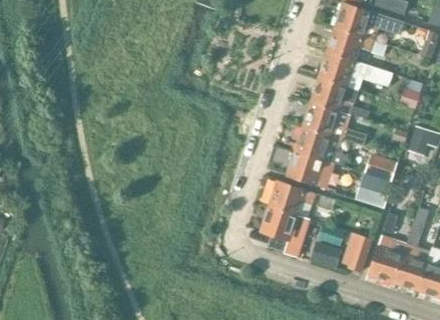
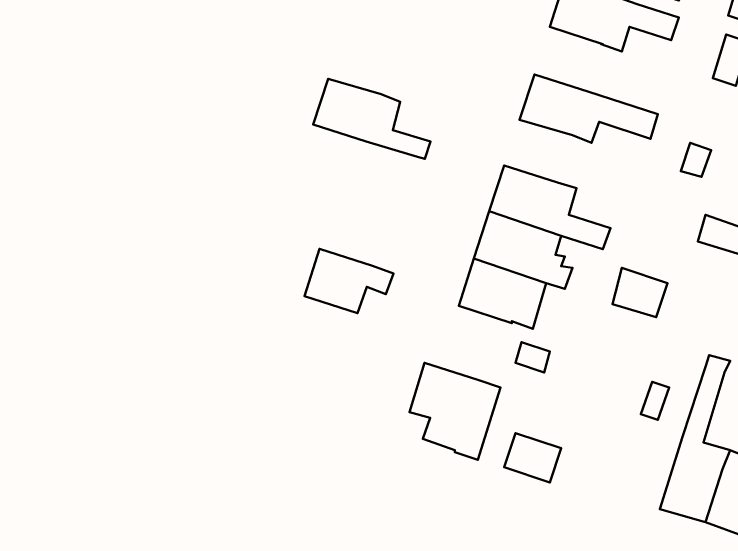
building: [327,28,373,62] -> none
building: [311,77,373,119] -> [313,79,431,159]
building: [356,173,391,208] -> none
building: [269,181,316,215] -> [304,249,394,313]
building: [343,232,372,271] -> none
building: [368,236,405,283] -> none

